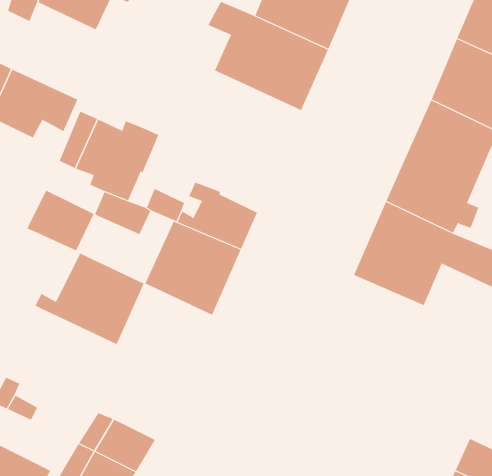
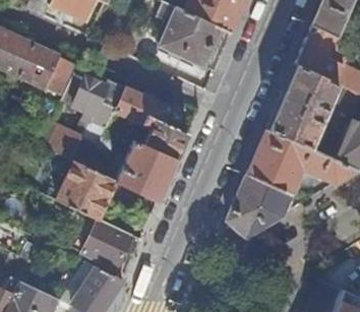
building: none -> [115,87,169,124]
building: none -> [227,176,292,237]
building: none -> [83,220,133,269]

